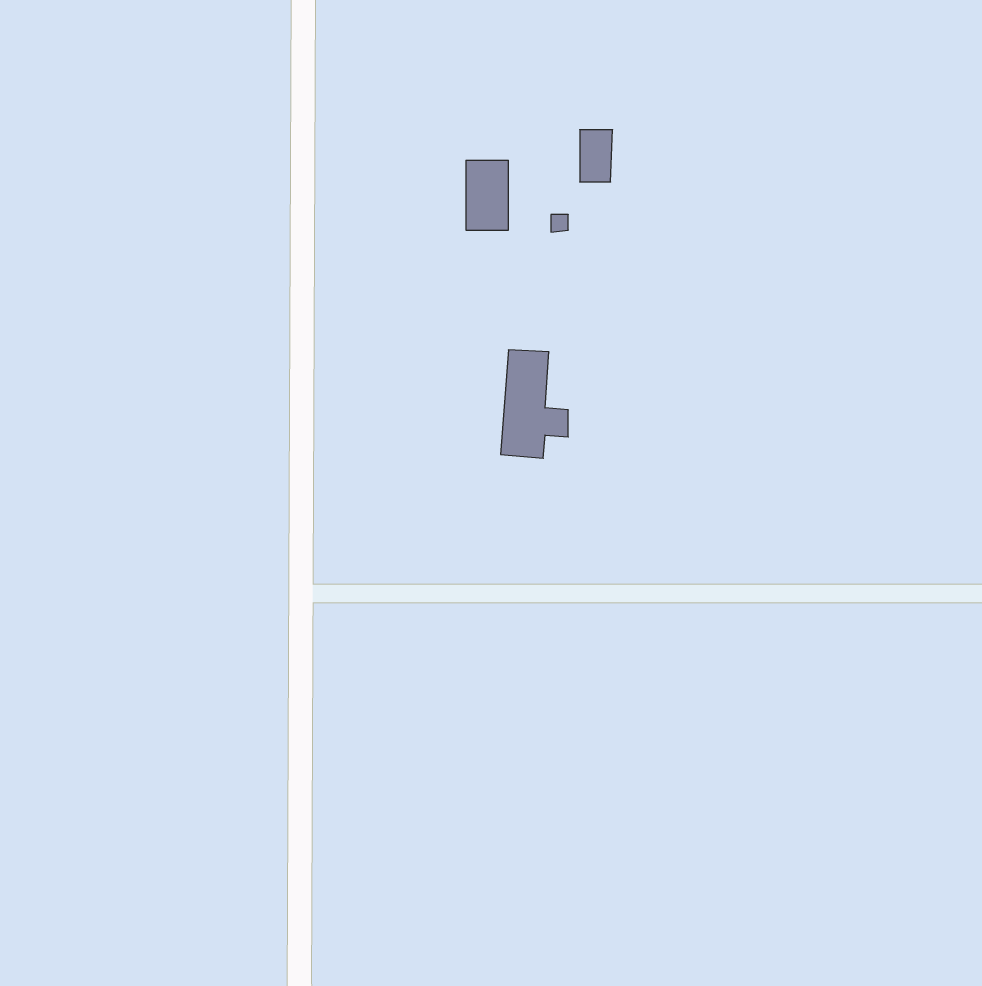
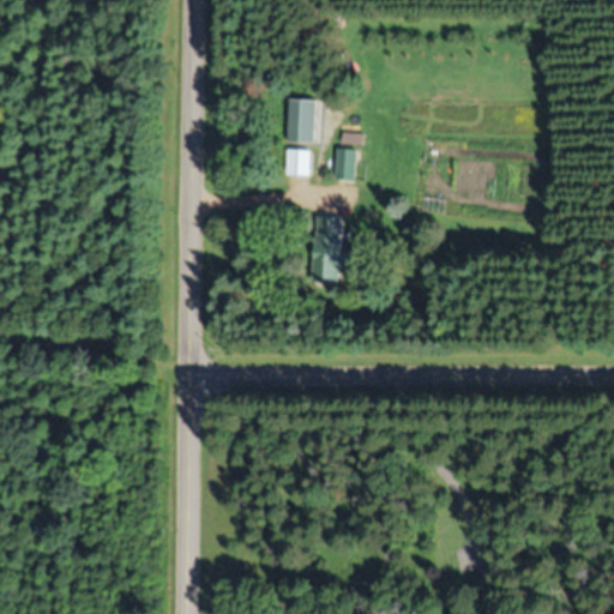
building: [580,130,613,182] -> [335,148,355,180]
building: none -> [285,150,309,175]

